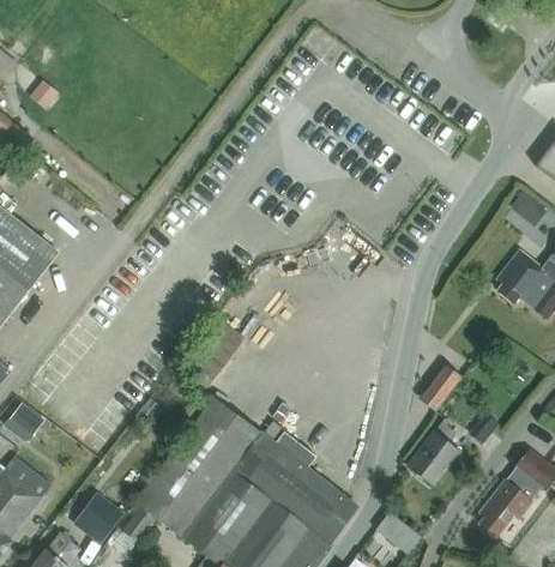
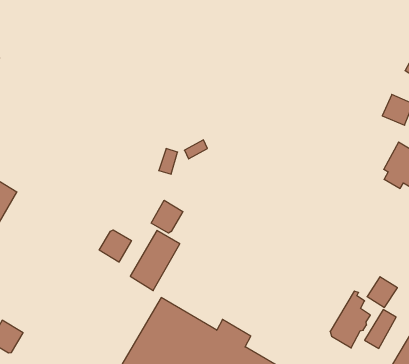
building: none -> [151,200,183,233]
building: none -> [99,230,131,262]
building: [420,366,460,411] -> [365,310,396,348]

